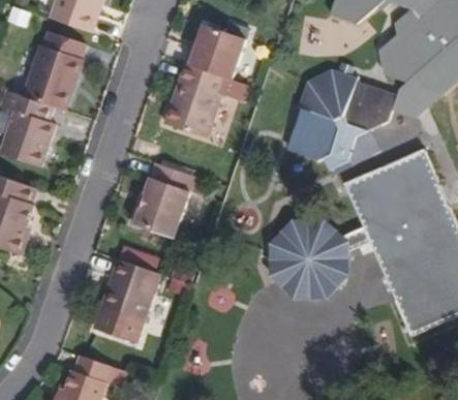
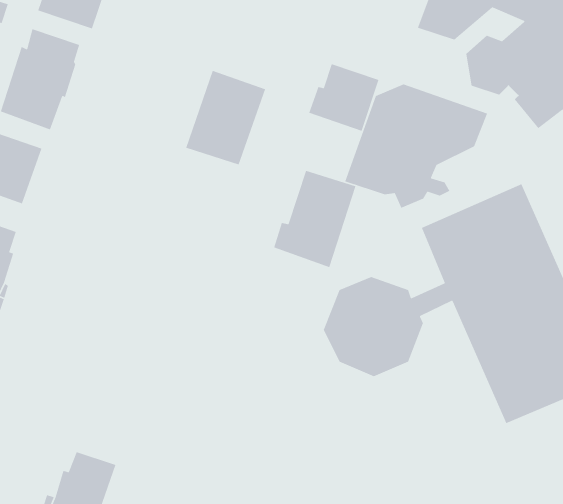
building: [185,23,240,75] -> [308,63,380,132]
building: [387,73,435,128] -> none
building: [130,160,194,236] -> [273,170,357,268]
building: [93,256,159,342] -> none

